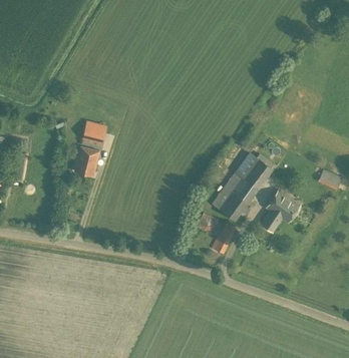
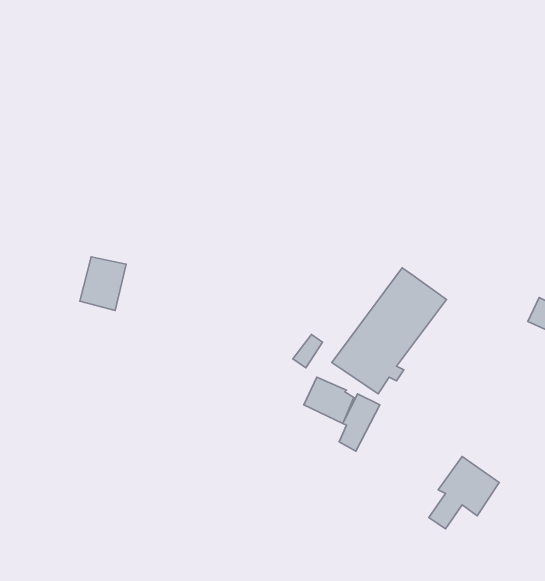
building: [81,121,105,146] -> none
building: [261,191,299,230] -> [429,457,499,529]

